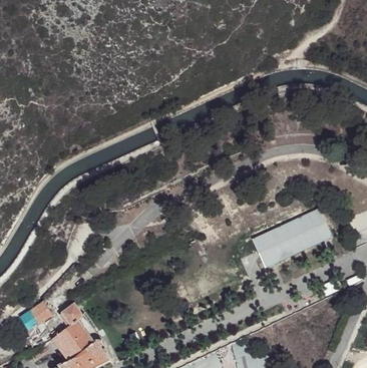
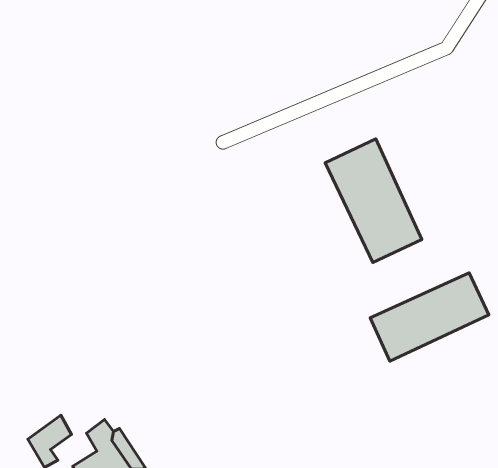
building: none -> [325,139,422,262]

